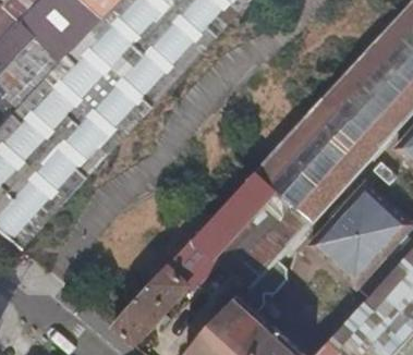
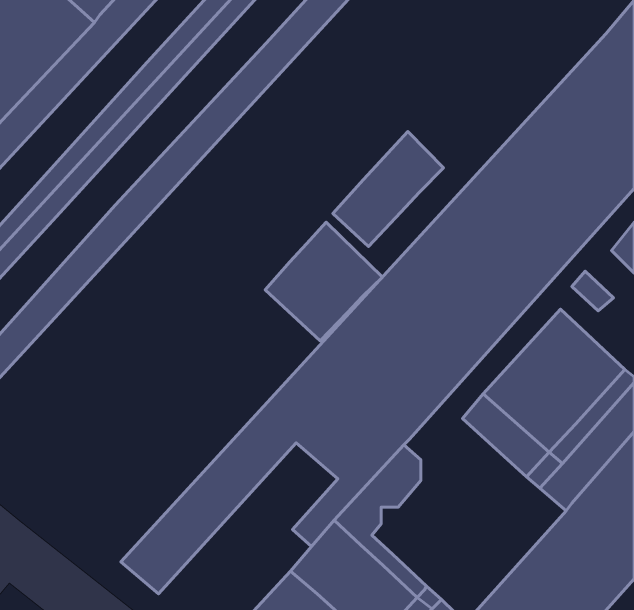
building: none -> [333,132,443,246]
building: none -> [265,222,382,341]

